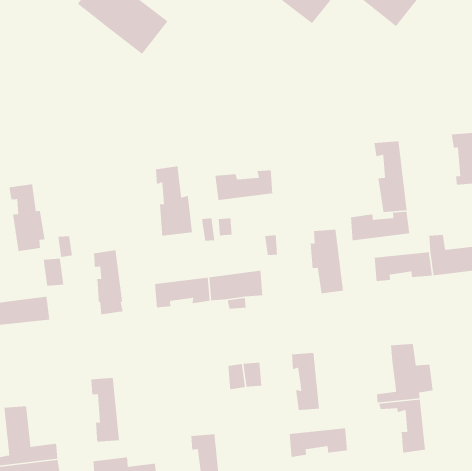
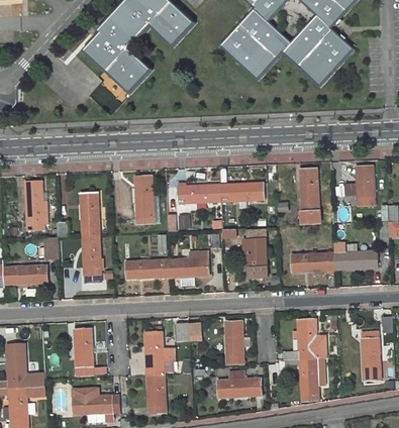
building: none -> [81,192,100,235]
building: [350,211,410,241] -> [219,183,263,202]
building: none -> [142,333,169,376]

